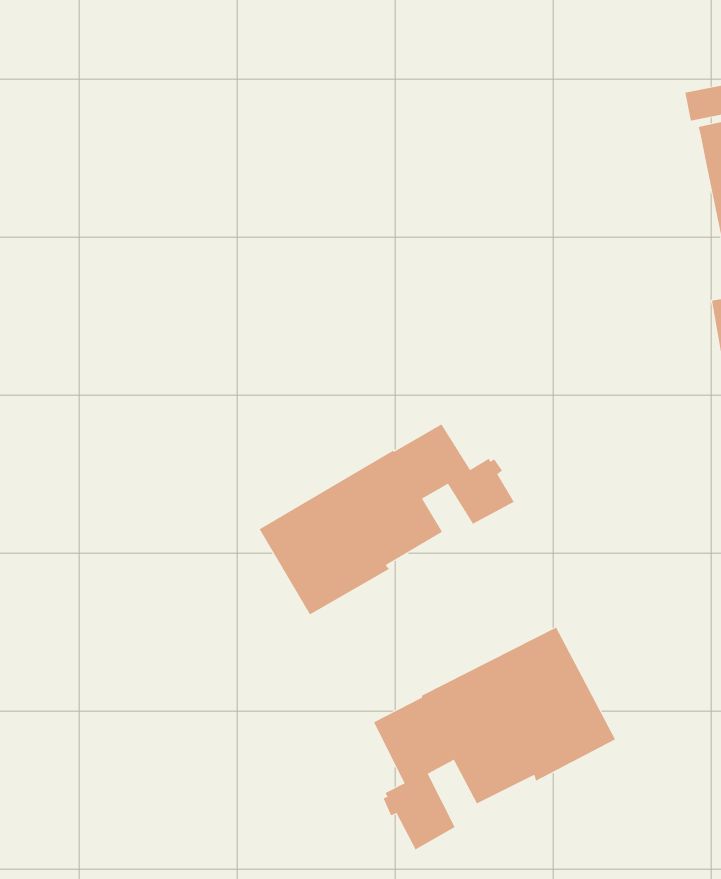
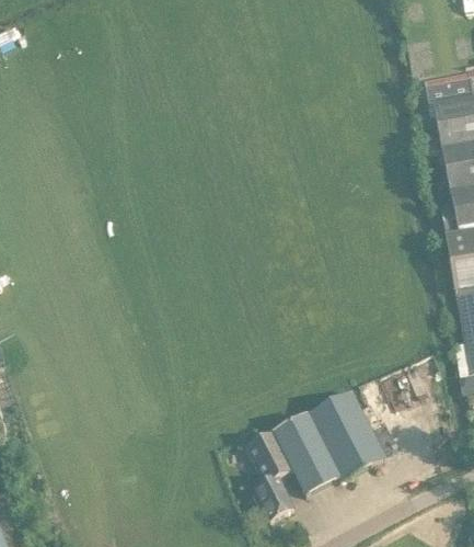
building: [259,423,514,615] -> none

